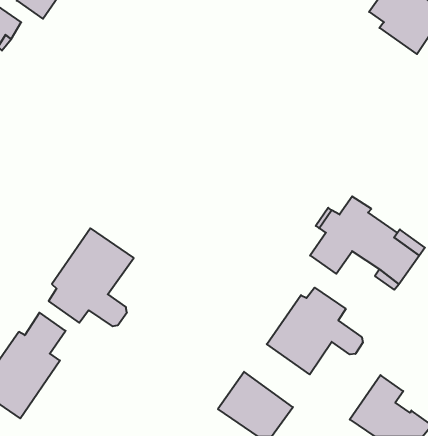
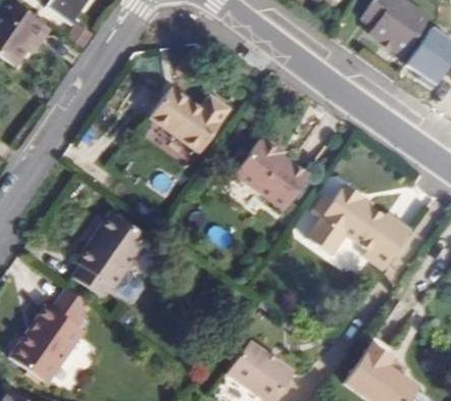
building: none -> [151,87,230,152]
building: none -> [236,135,310,209]
building: [267,288,363,374] -> none

